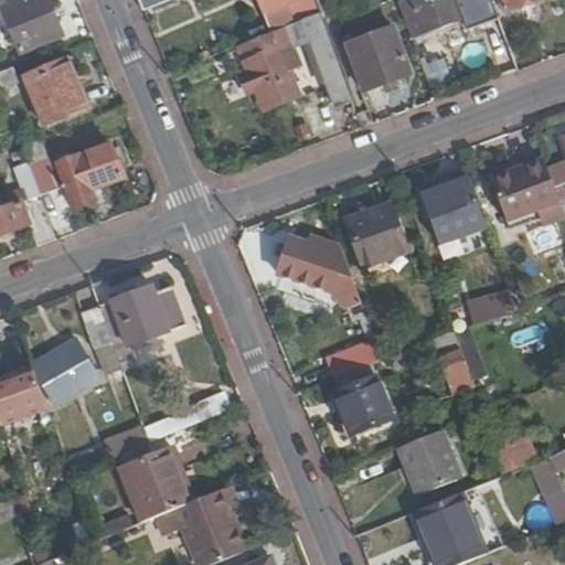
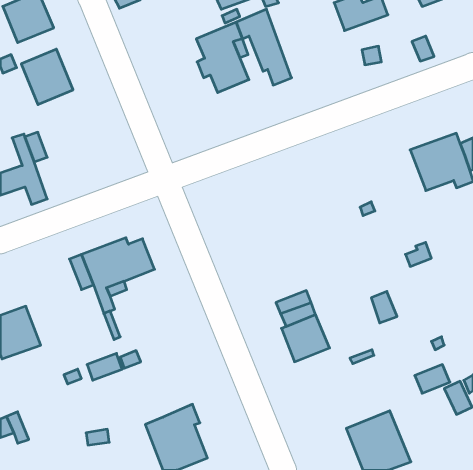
building: [343,26,407,90] -> none
building: [56,143,122,206] -> none
building: [422,175,486,237] -> none
building: [343,211,411,273] -> none
building: [269,234,361,303] -> none
building: [34,343,99,405] -> none
building: [395,433,458,498] -> none
building: [116,440,194,520] -> none

